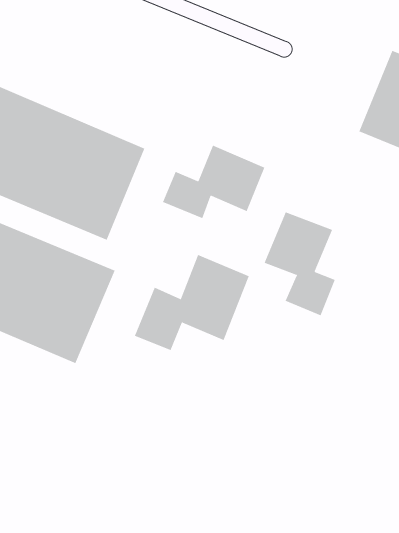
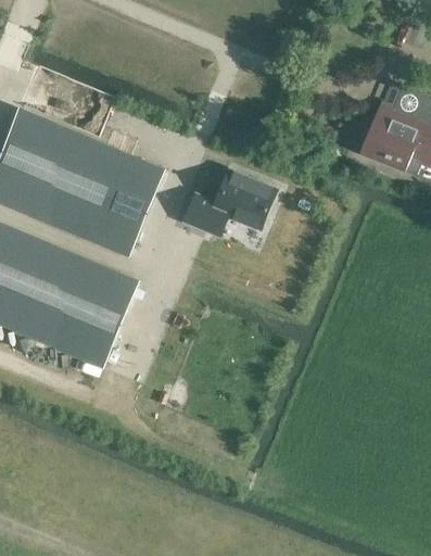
building: [264,211,336,316] -> none
building: [134,254,249,351] -> none

